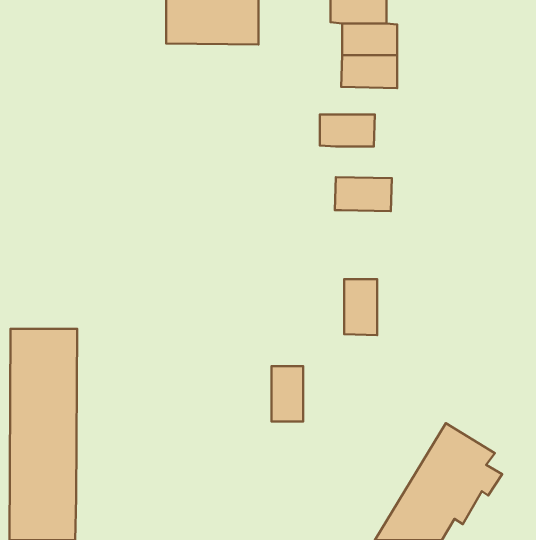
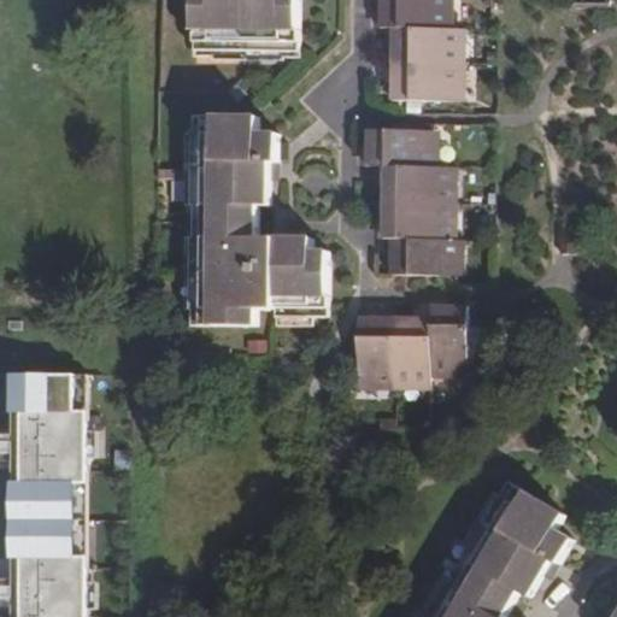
building: none -> [190,116,327,323]
building: none -> [382,166,446,202]
building: none -> [388,239,451,275]
building: none -> [429,305,465,369]
building: [271,366,303,421] -> [355,317,392,380]

